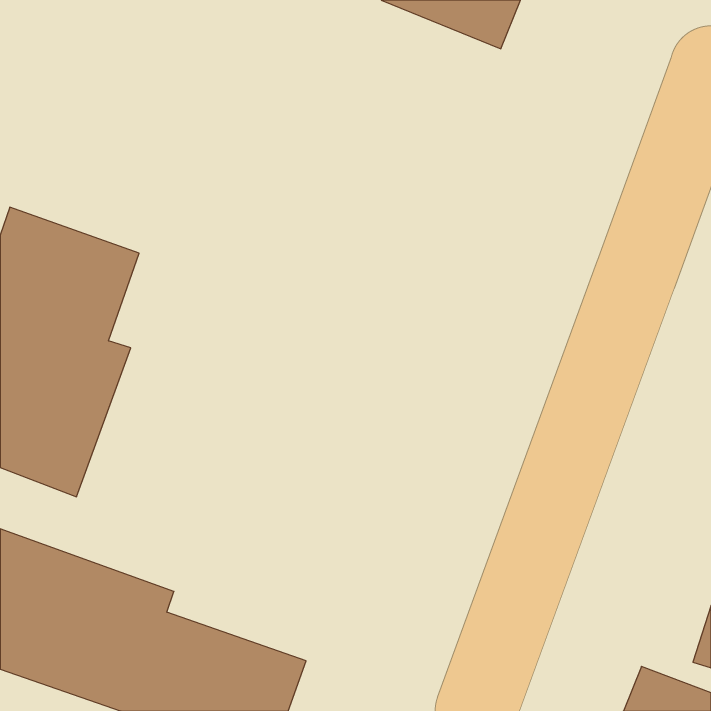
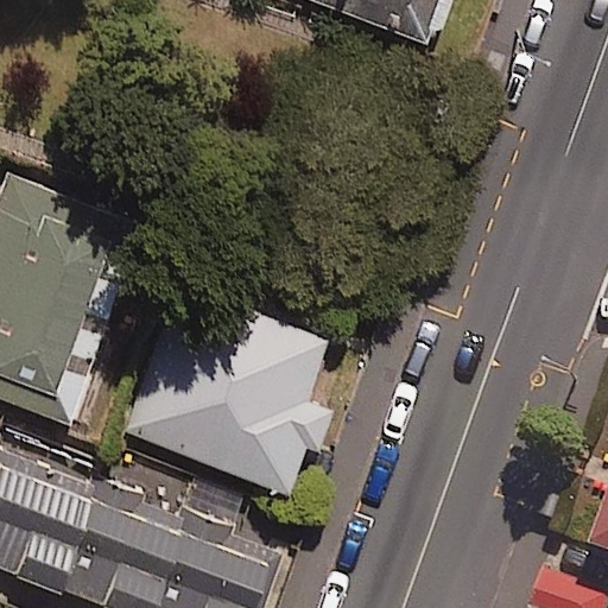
building: none -> [122,283,327,493]

